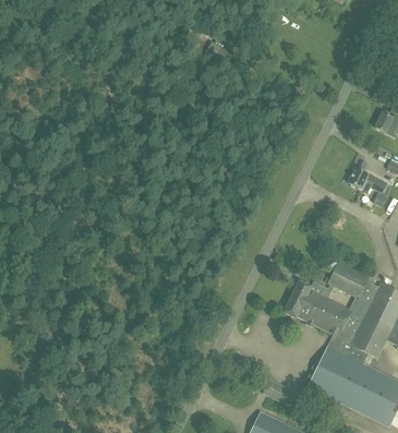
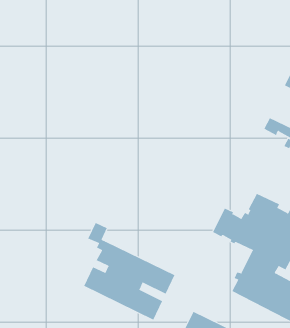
building: none -> [84,222,175,321]

